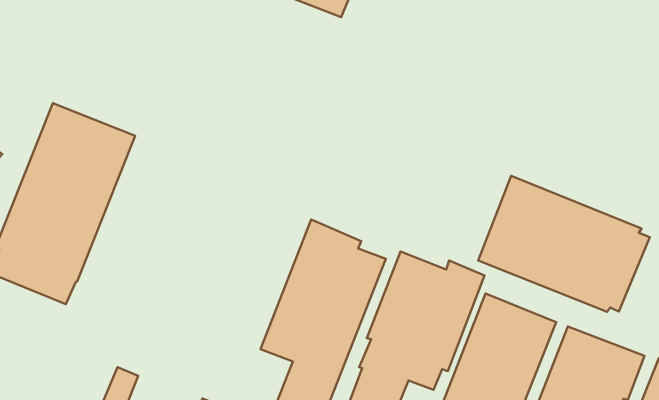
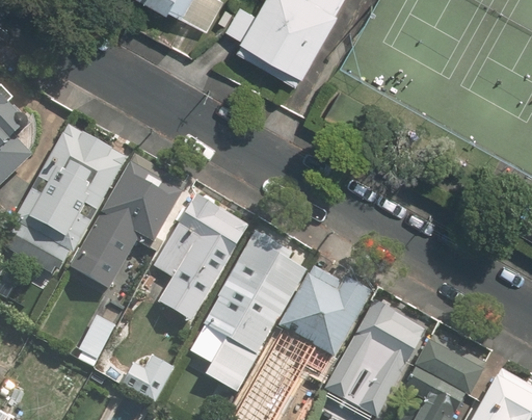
building: none -> [83,160,186,271]
building: [478,176,650,312] -> none
building: none -> [152,196,245,326]

